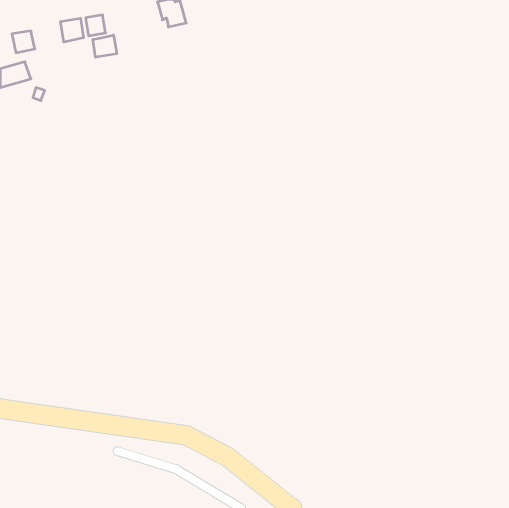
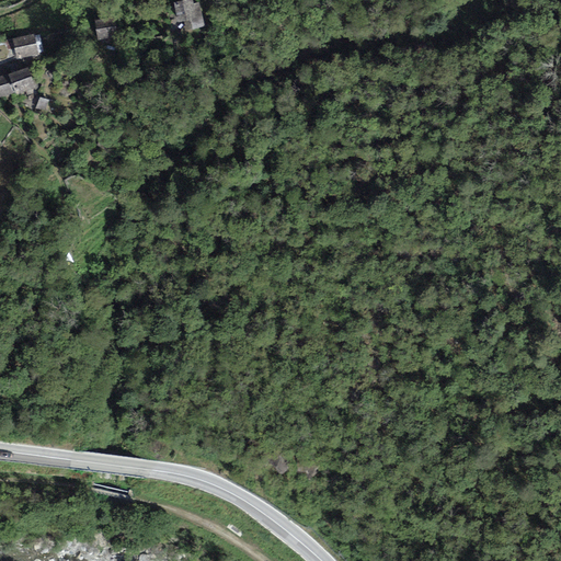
building: [60,18,84,42] -> none
building: [93,35,117,57] -> none

